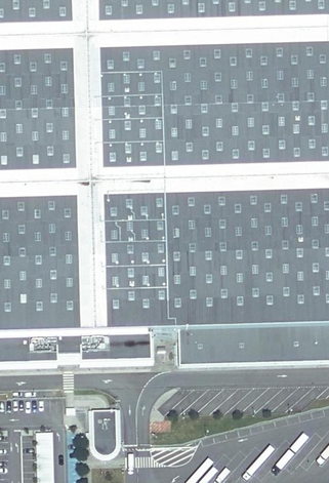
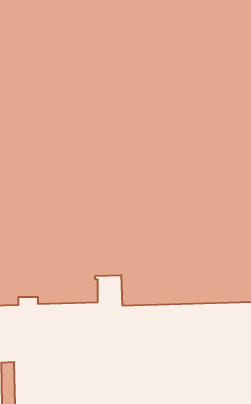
building: [89,407,115,453] -> none

